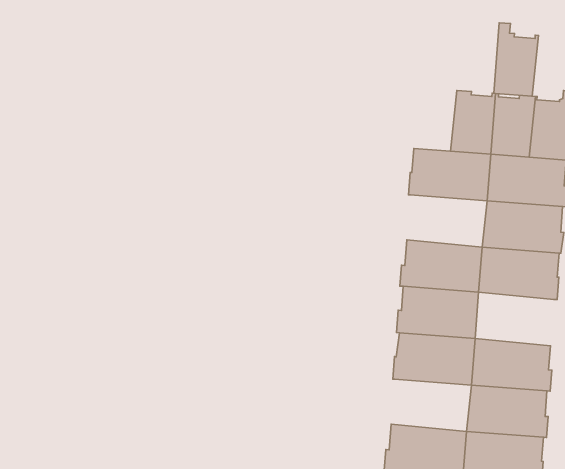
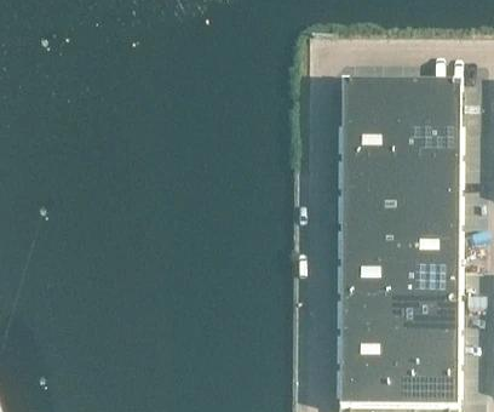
building: [494,23,539,96] -> [343,70,373,124]
building: none -> [341,159,402,194]
building: none -> [401,228,460,264]
building: none -> [341,298,401,333]

